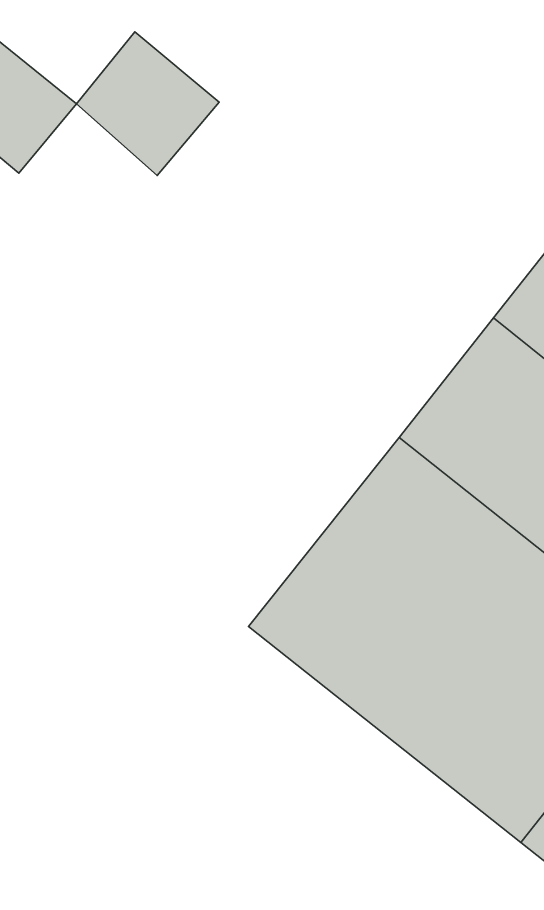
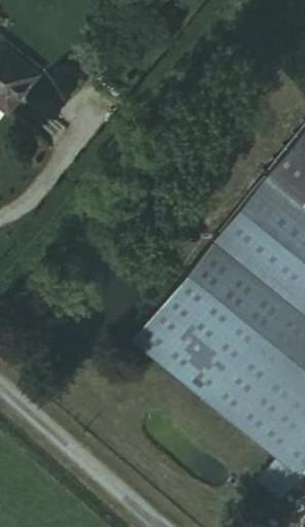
building: [77,32,219,175] -> none

